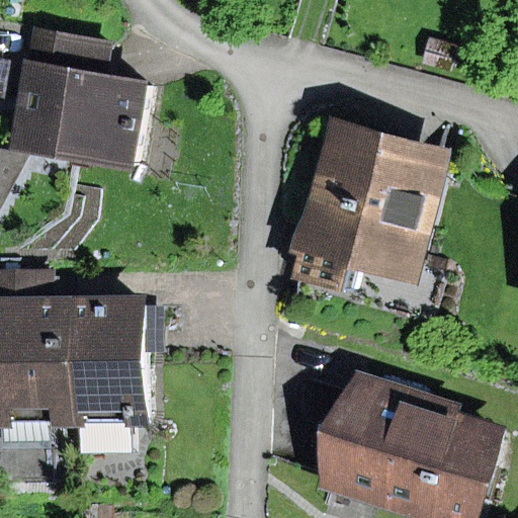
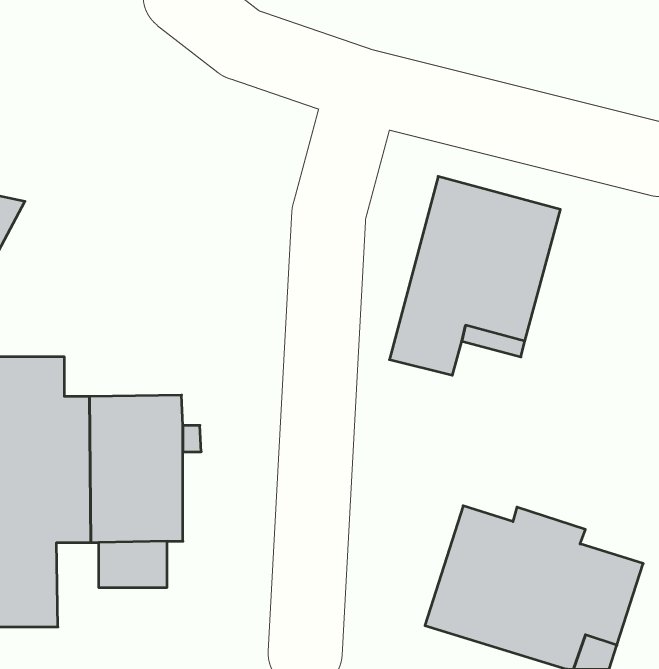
building: [16,32,145,164] -> none

